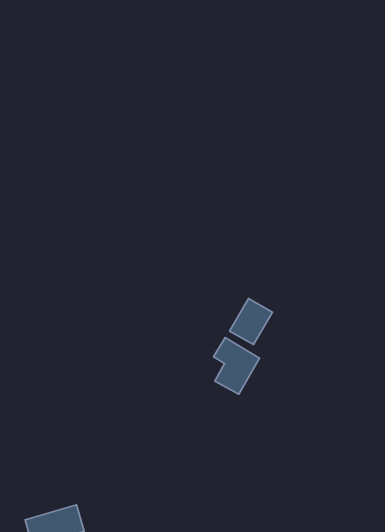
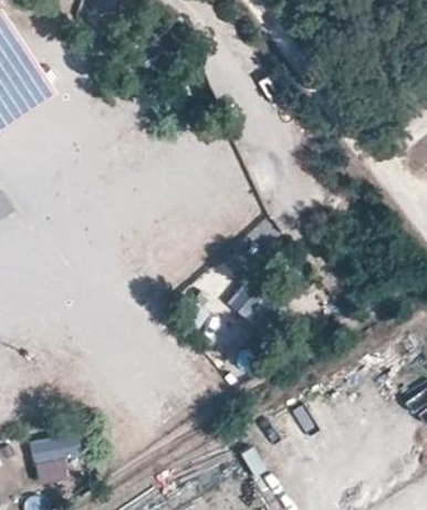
building: [214,337,260,394] -> none

